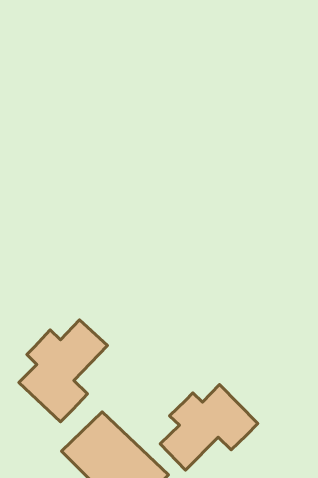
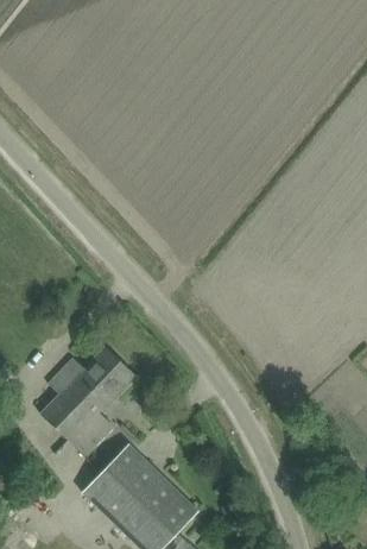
building: [160,385,258,470] -> none

